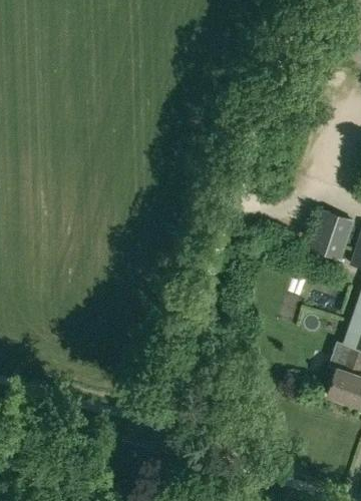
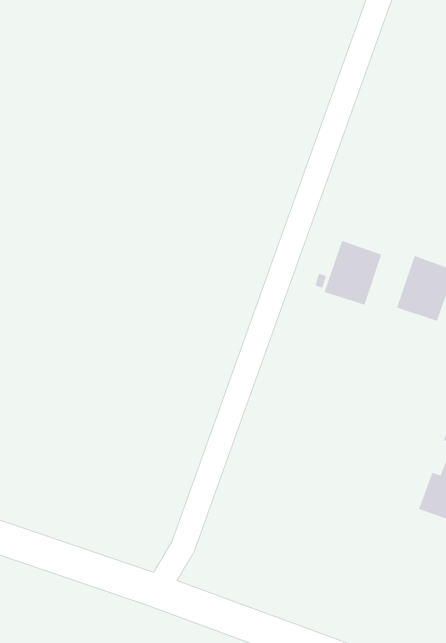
building: none -> [324,240,382,305]

